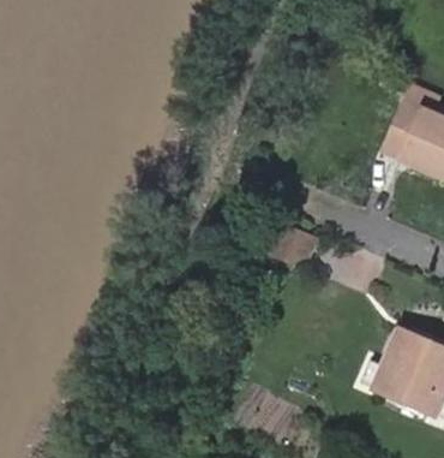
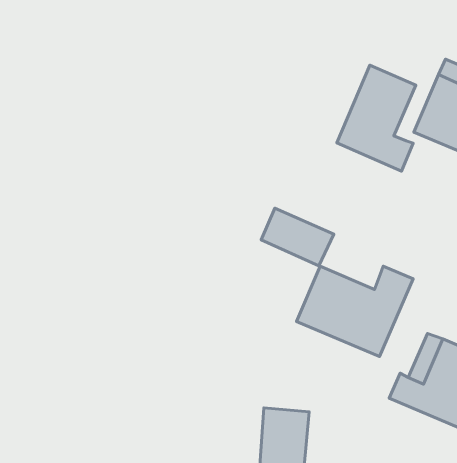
building: none -> [337,65,416,171]
building: none -> [296,266,413,356]

